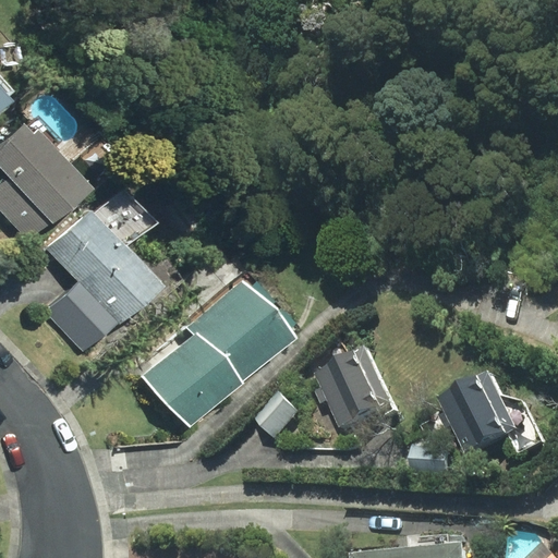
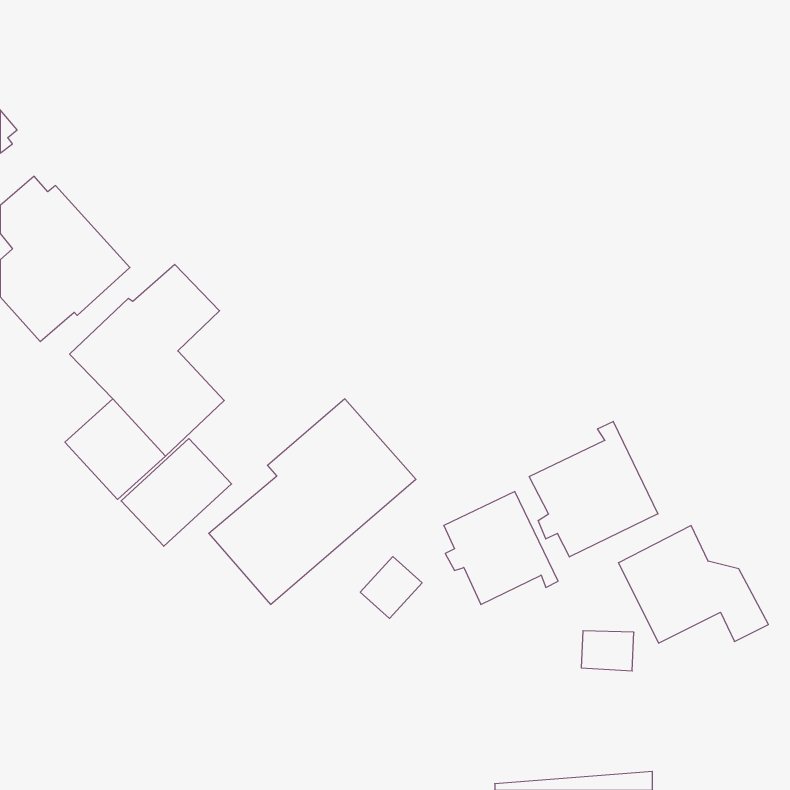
building: none -> [529,421,658,557]
building: none -> [121,439,232,546]

